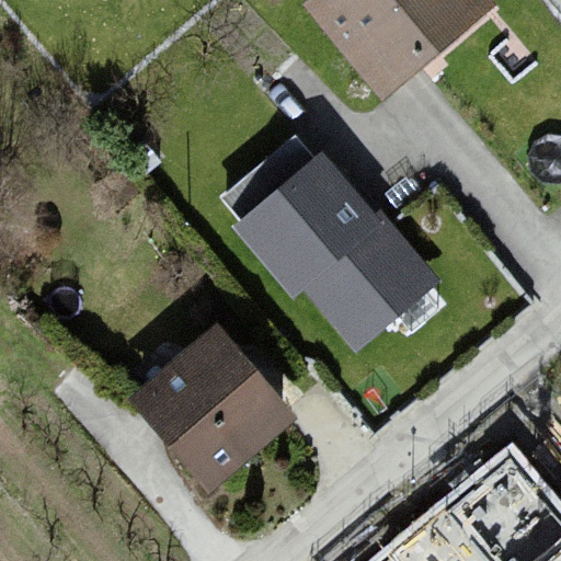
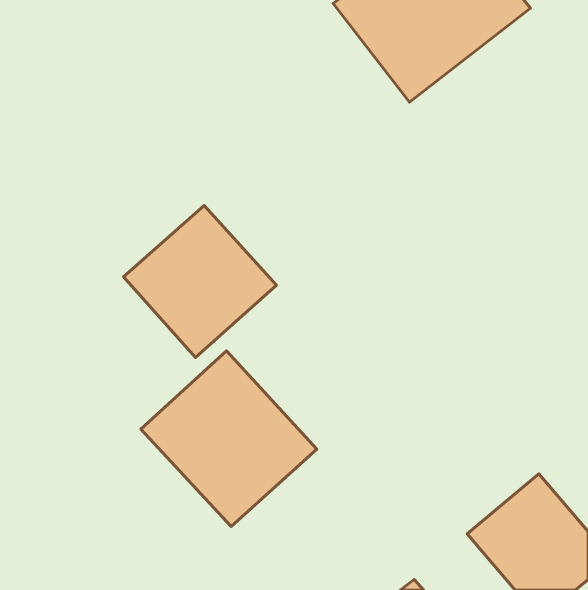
building: [236,150,430,347] -> none
building: none -> [123,205,276,357]

